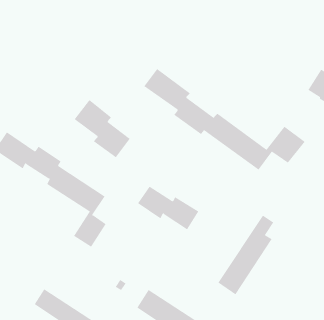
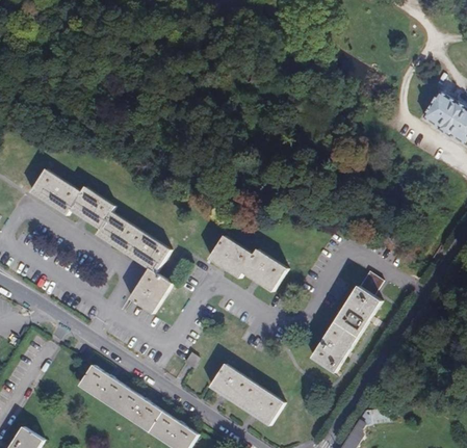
building: [144,68,305,171] -> none
building: [74,99,131,158] -> none

